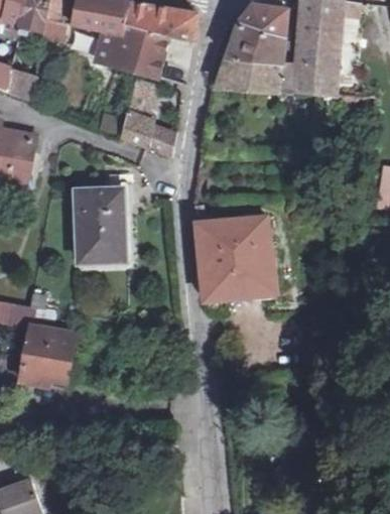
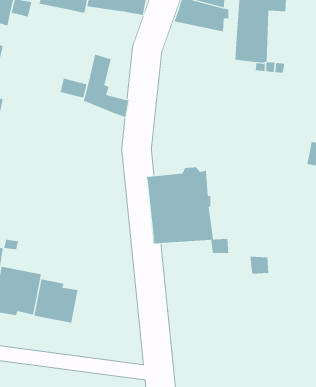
building: [102,31,169,79] -> none
building: [214,48,297,92] -> none
building: [75,189,127,263] -> none
building: none -> [34,278,78,324]

